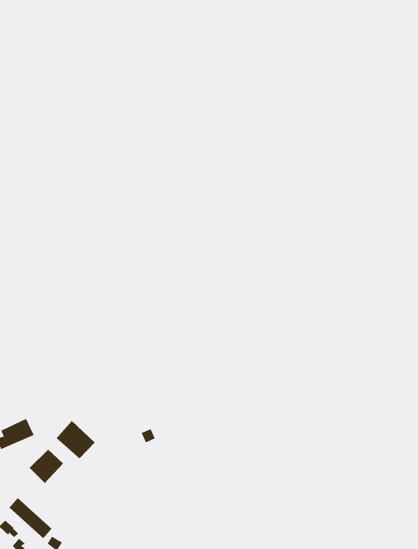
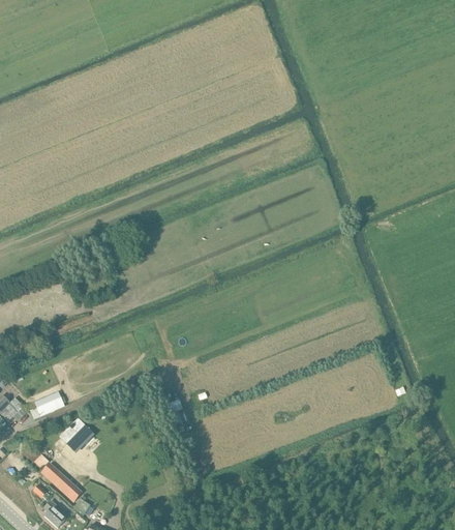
building: [56,420,95,459] -> none

